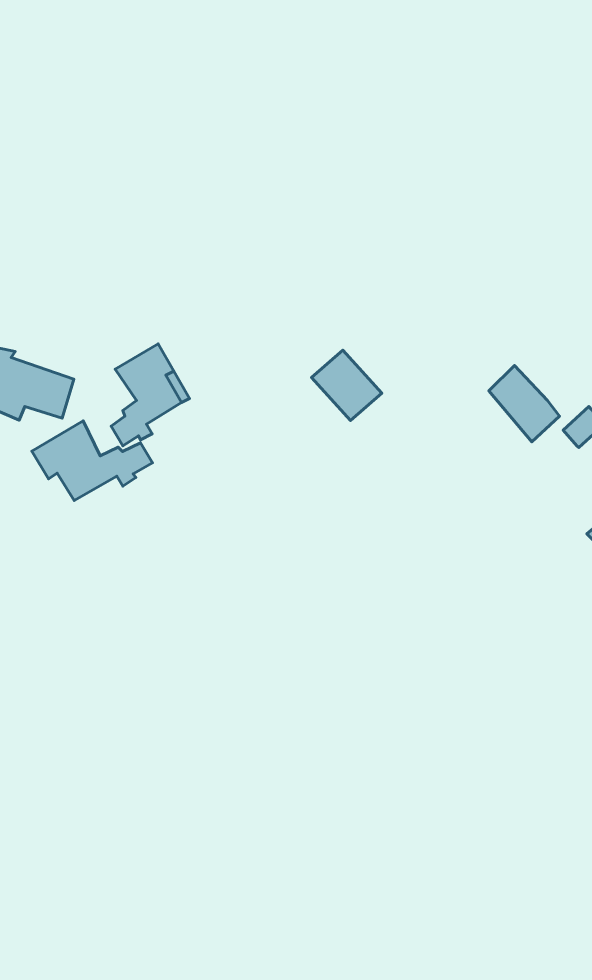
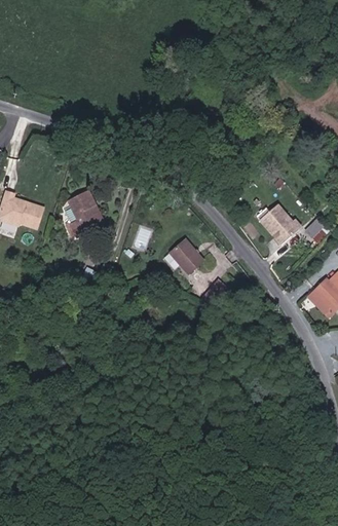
building: [311,350,382,421] -> [168,238,205,275]
building: [32,421,152,501] -> none

